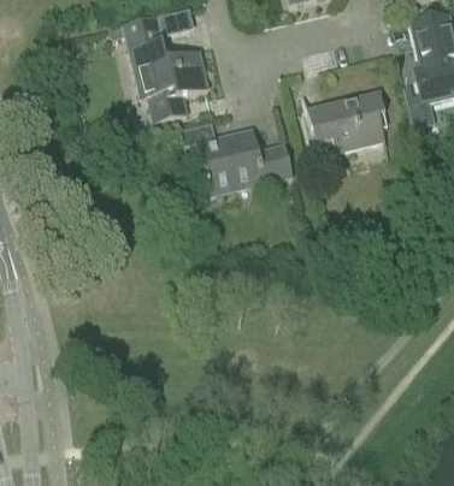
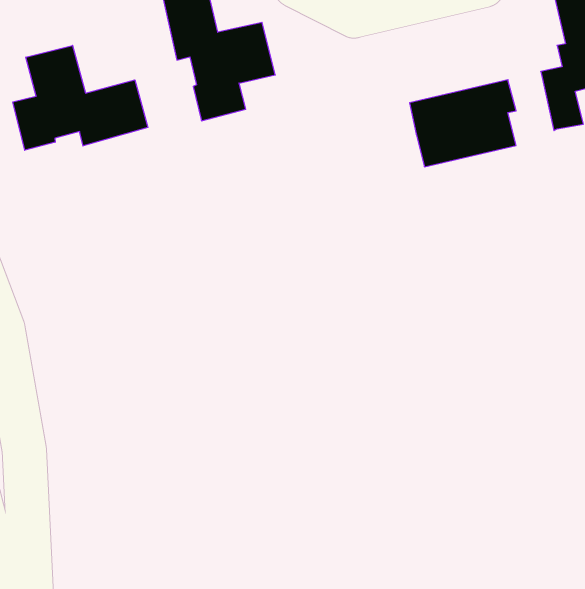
building: none -> [13,45,148,150]
building: [199,128,293,194] -> none

